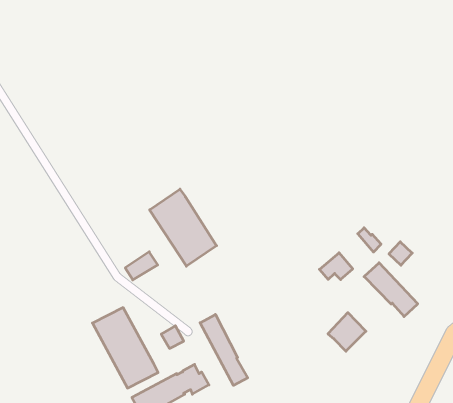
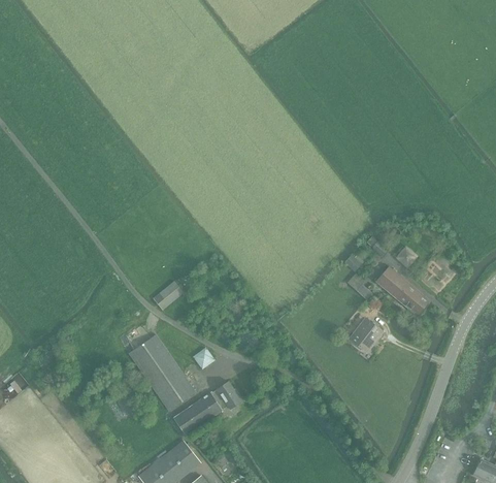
building: [150,189,217,266] -> none
building: [200,314,248,385] -> none

